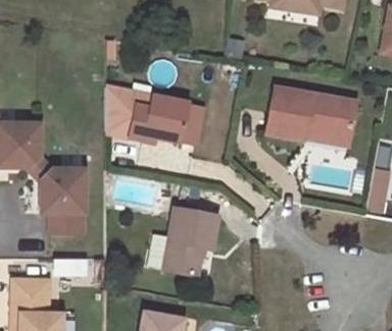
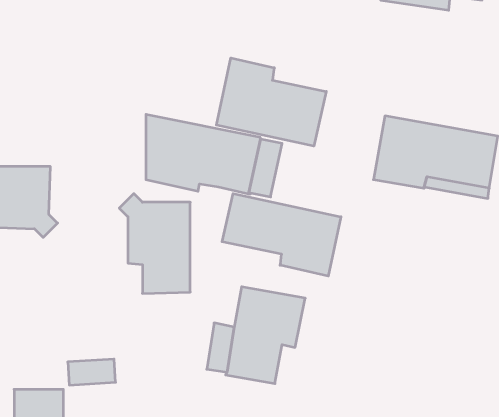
building: none -> [216,58,326,146]
building: none -> [222,194,341,276]
building: [35,163,85,233] -> [119,194,190,293]

